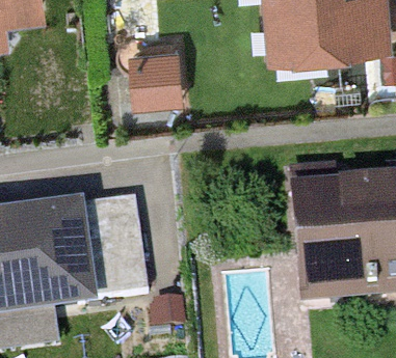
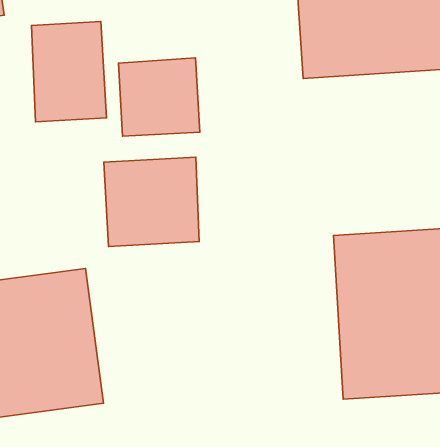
building: none -> [31,22,106,122]
building: none -> [104,157,199,246]

